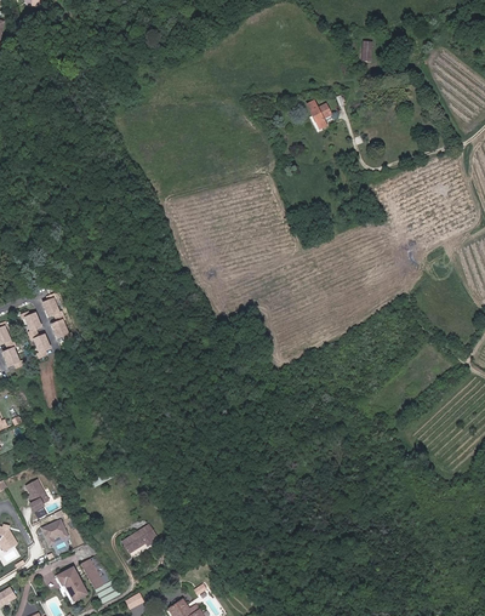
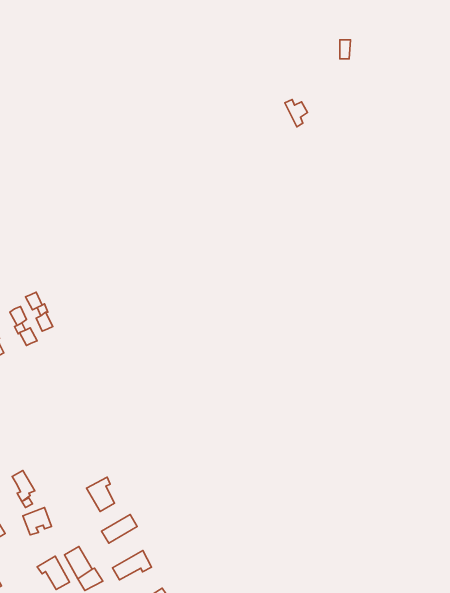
building: none -> [87,477,115,511]
building: none -> [113,550,152,580]

